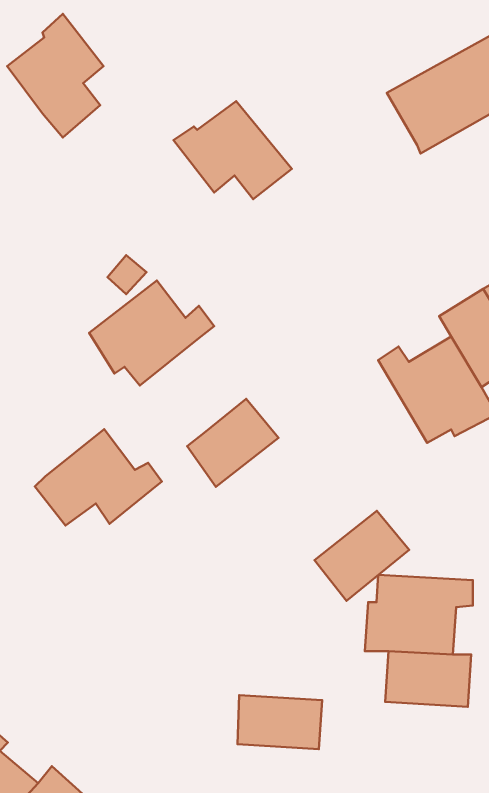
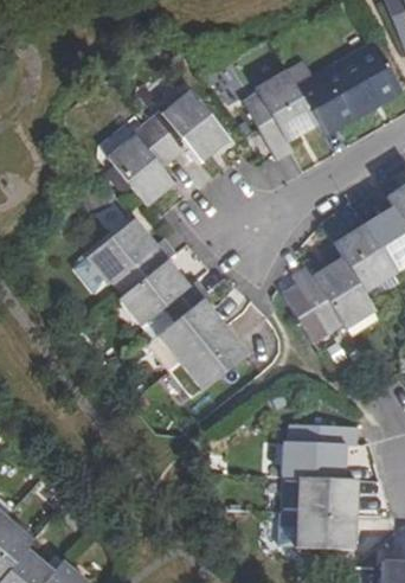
building: [7,14,103,137] -> [108,120,175,206]
building: none -> [244,70,317,160]
building: [35,429,162,526] -> [116,258,205,326]
building: [314,511,409,601] -> [176,328,243,391]
building: [238,695,322,749] -> [294,513,353,551]

